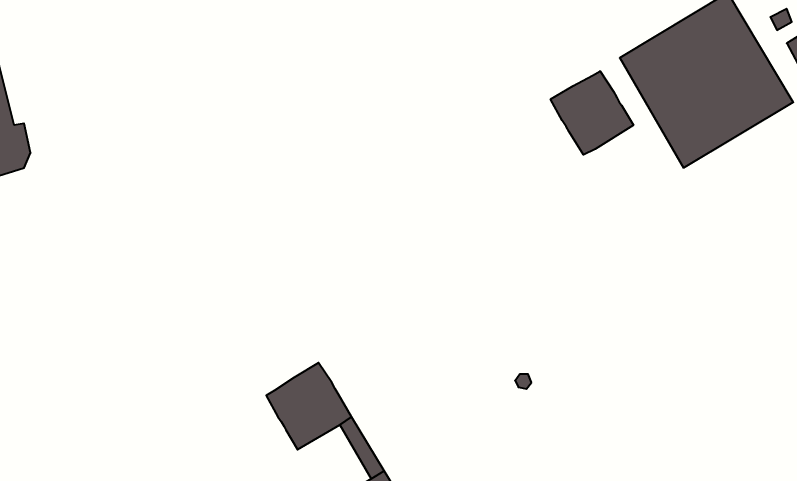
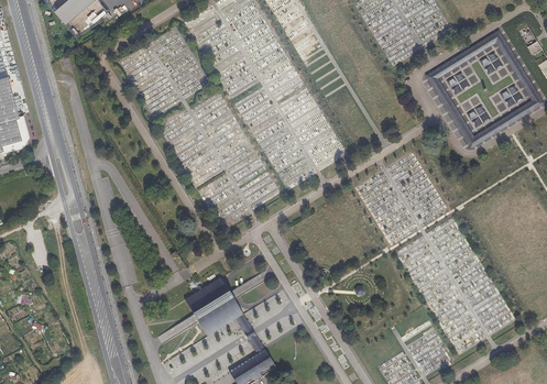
building: [551,71,633,155] -> none

